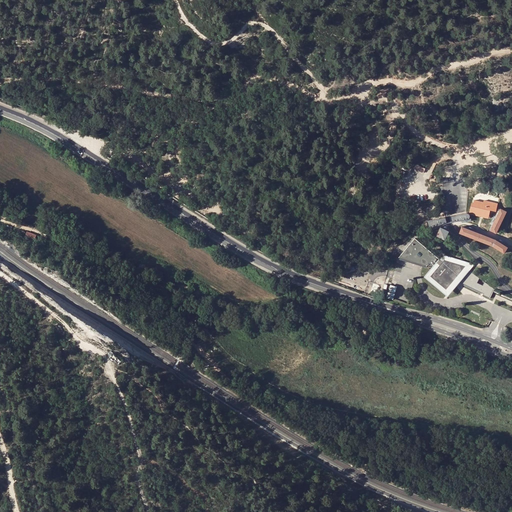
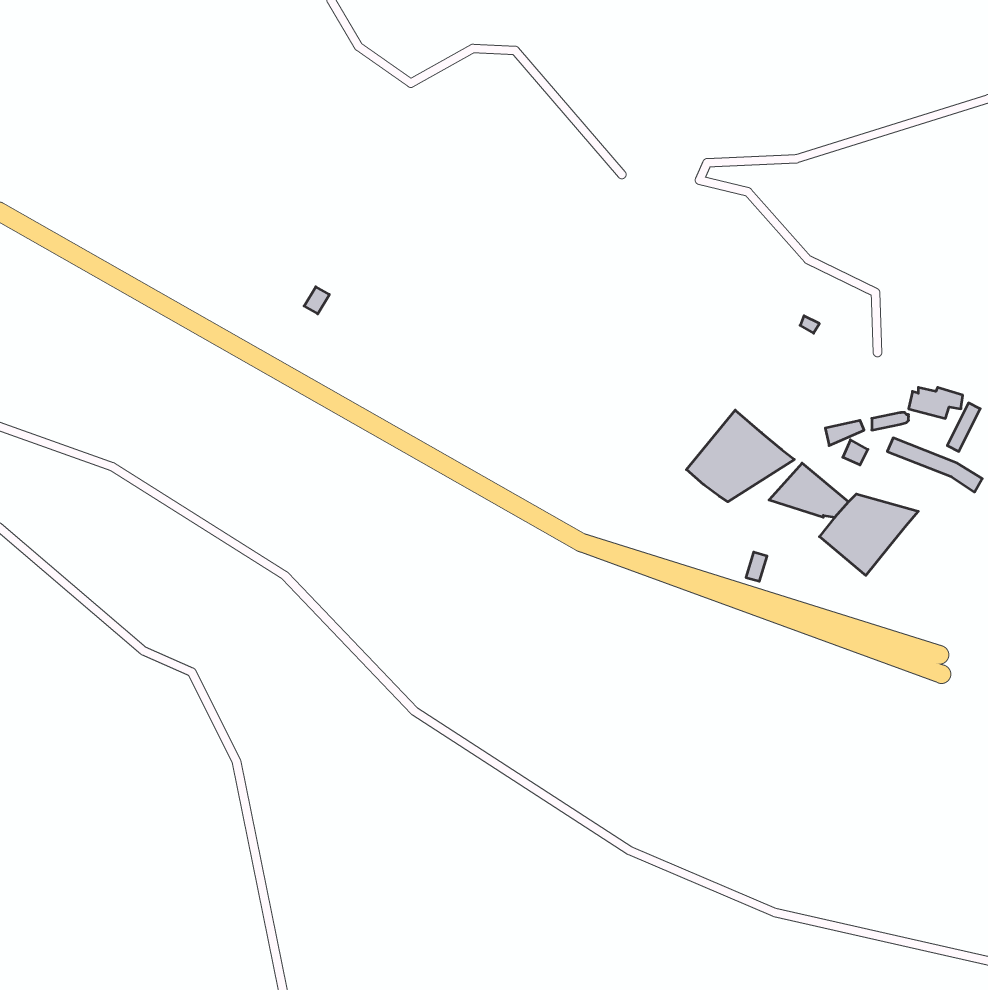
building: none -> [686,410,794,502]
building: [459,271,493,298] -> none

